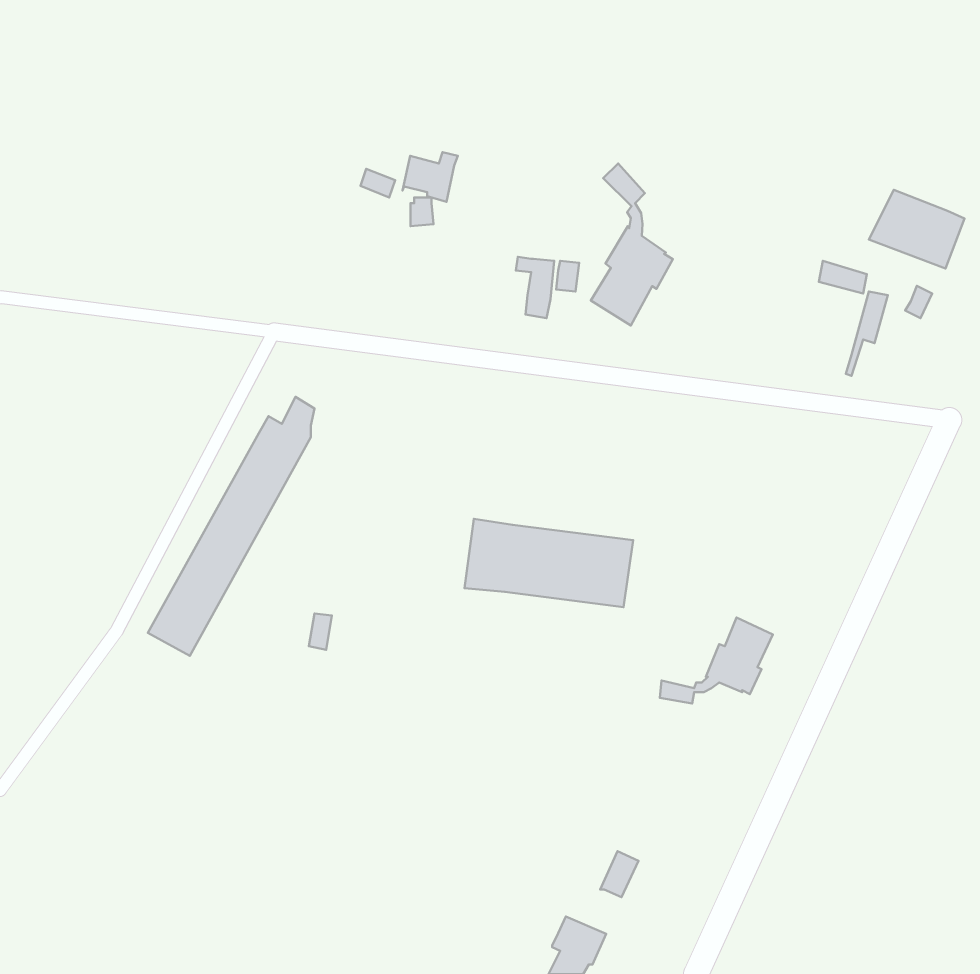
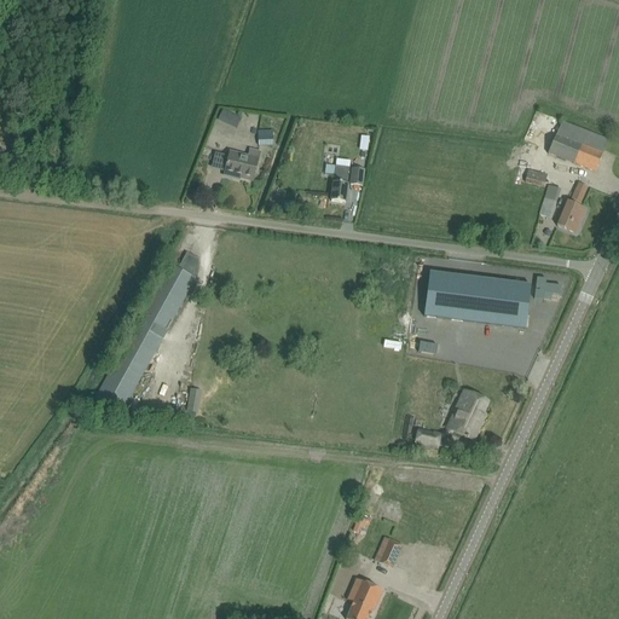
building: [402,152,458,202] -> [225,147,260,179]
building: [591,164,673,326] -> none
building: none -> [557,199,586,231]
building: [464,519,633,607] -> [424,271,531,326]

